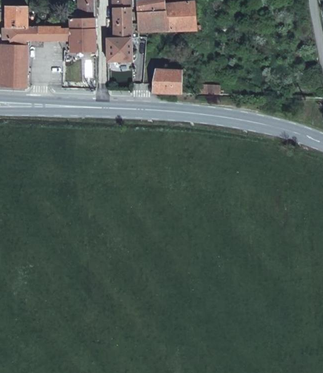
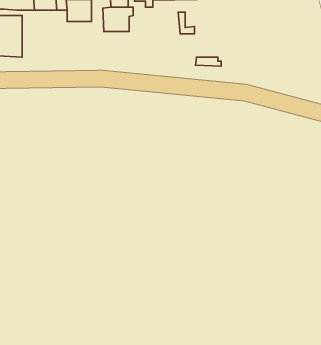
building: [153,66,182,93] -> none

